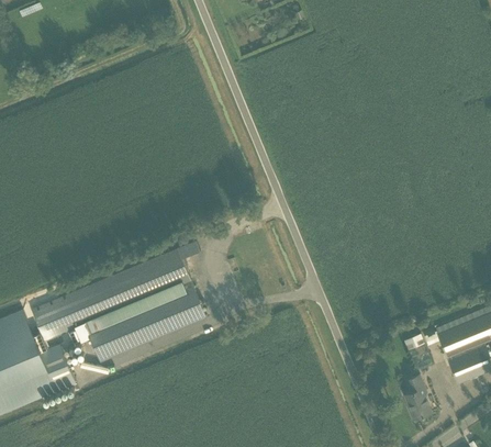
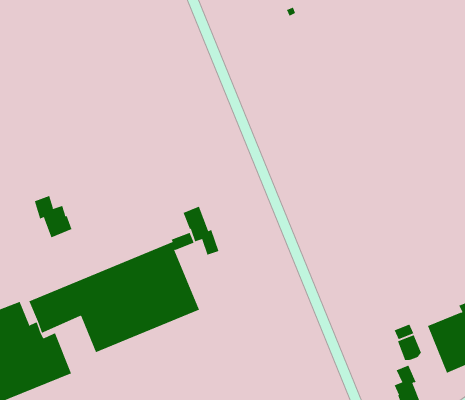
building: none -> [34,195,72,238]
building: none -> [183,206,219,255]

